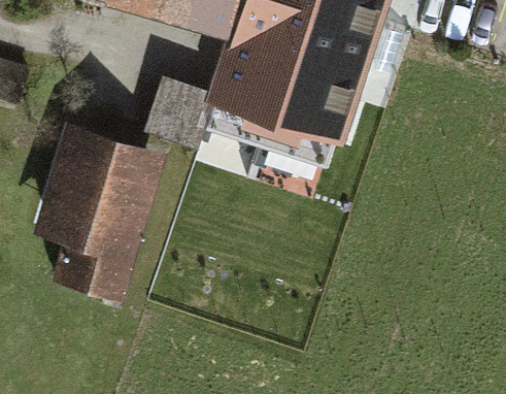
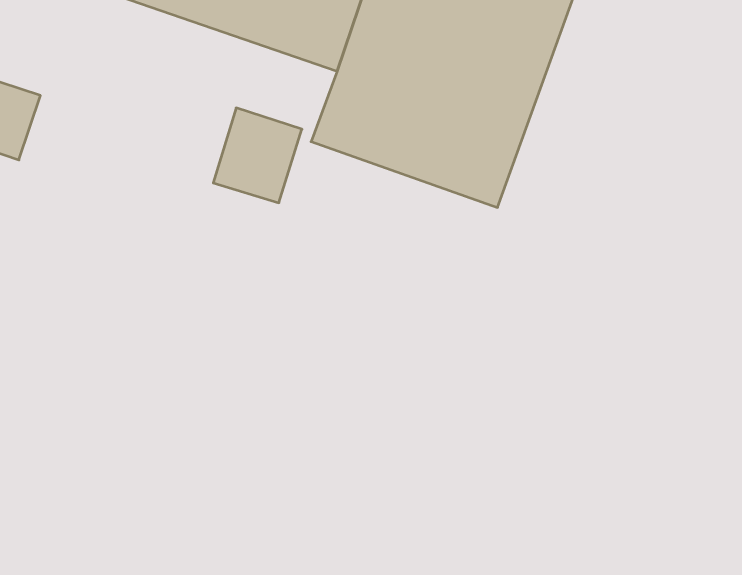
building: [33,124,166,300] -> none

